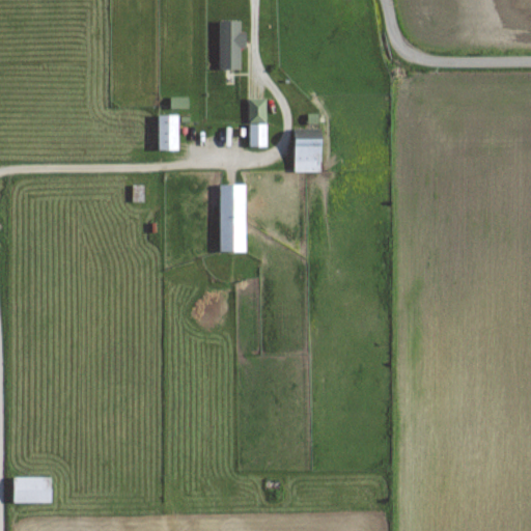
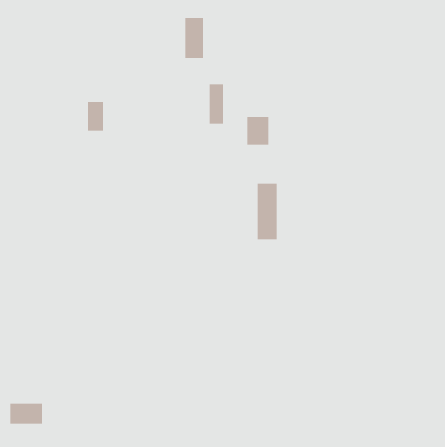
building: [159,115,178,150] -> [87,102,104,131]
building: [221,185,246,252] -> [257,183,278,240]

